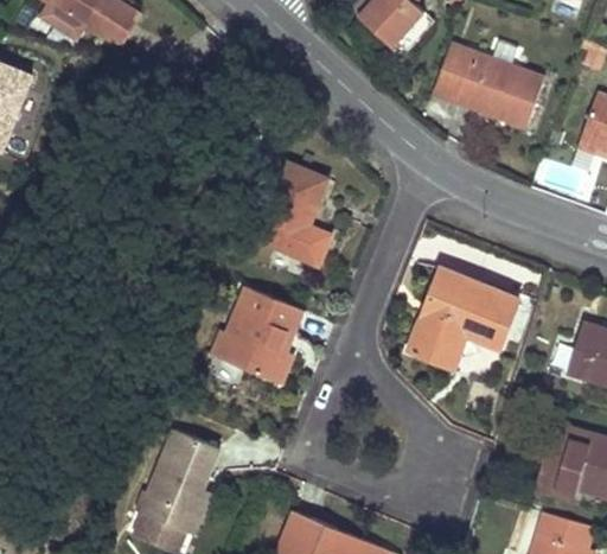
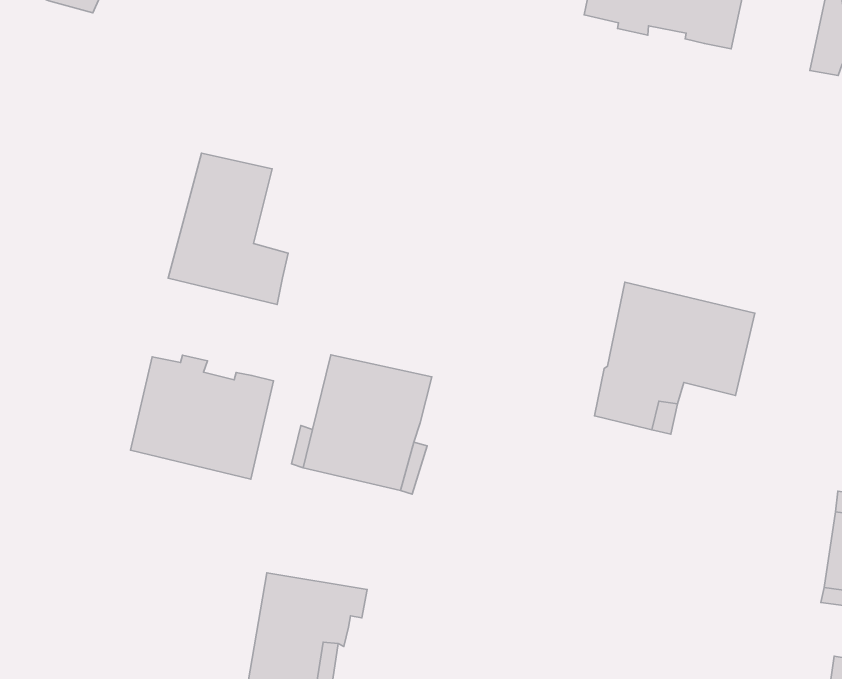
building: [251,161,331,266] -> [168,153,288,305]
building: none -> [130,355,274,479]

